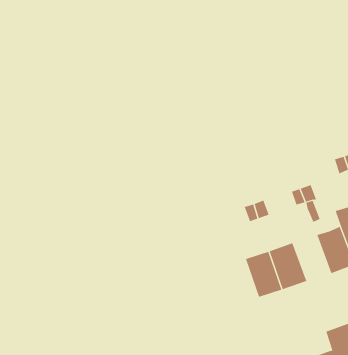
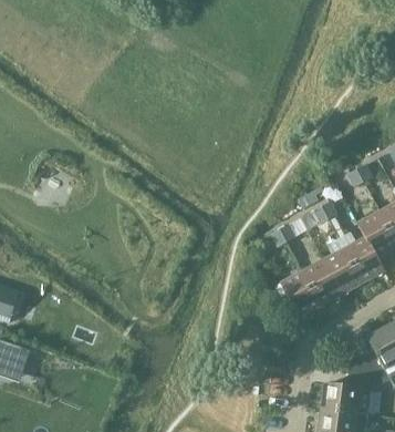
building: none -> [322,248,363,294]

